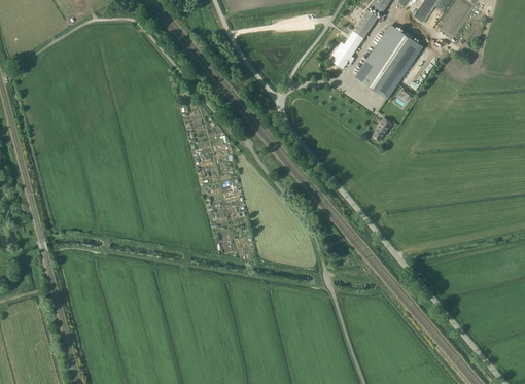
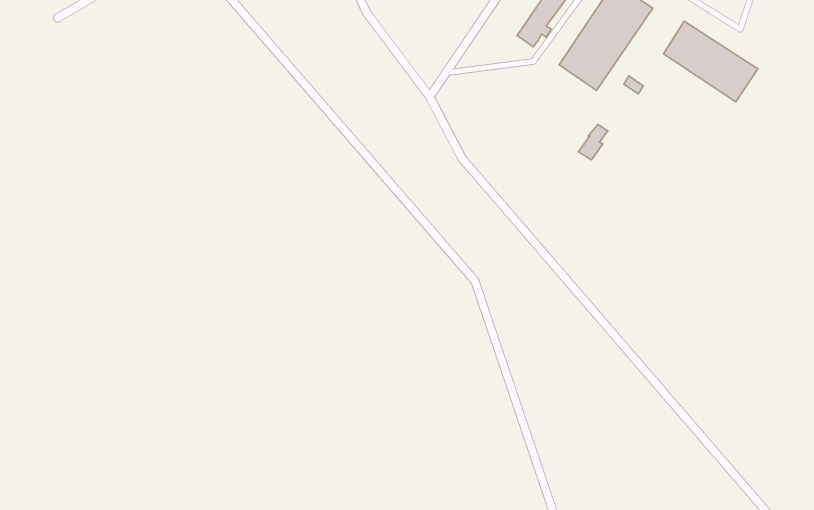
building: none -> [664,21,758,102]

